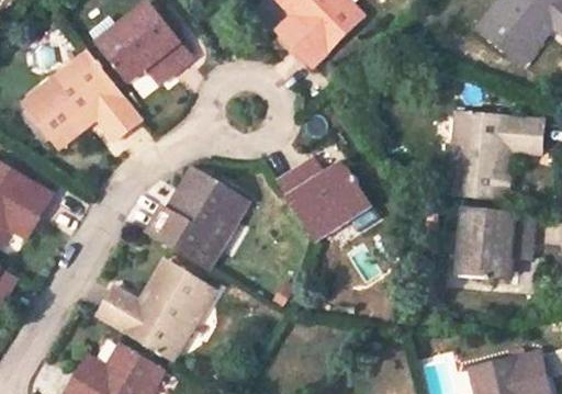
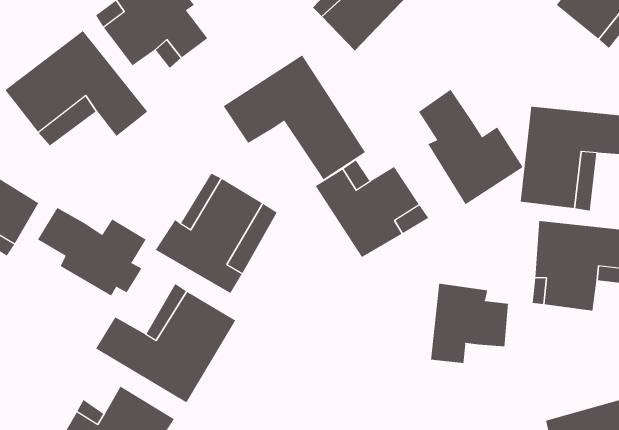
building: none -> [223,54,366,180]
building: none -> [418,89,524,205]
building: none -> [37,207,147,296]
building: none -> [430,283,508,364]

